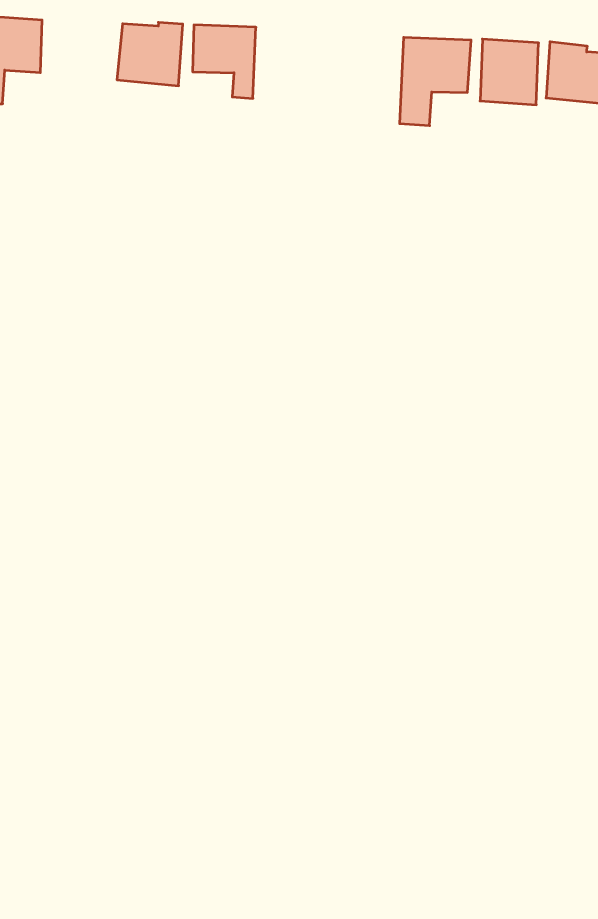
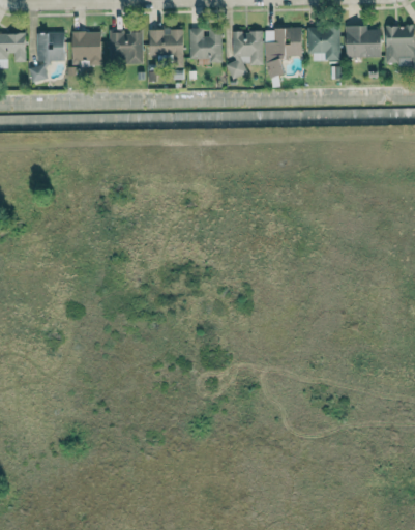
building: none -> [72,30,102,65]
building: none -> [189,28,223,63]
building: none -> [230,30,263,76]

